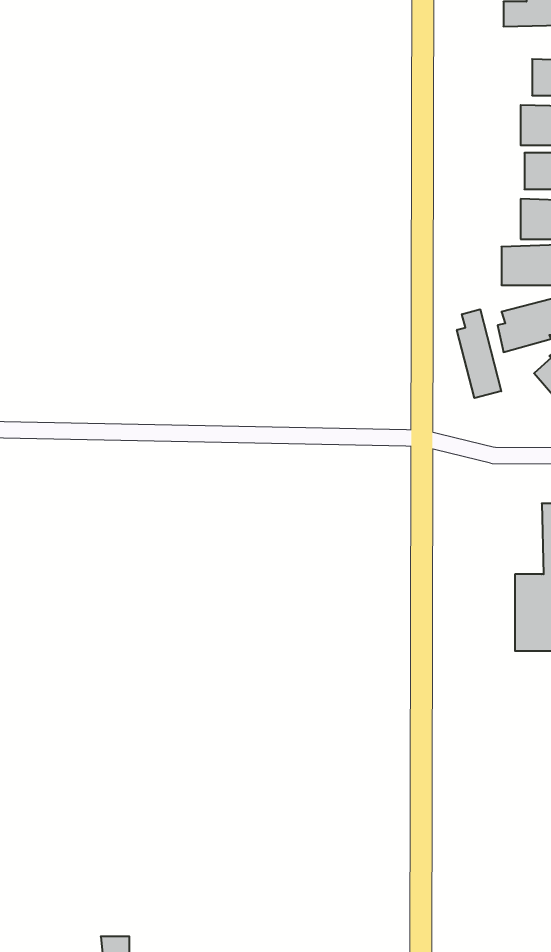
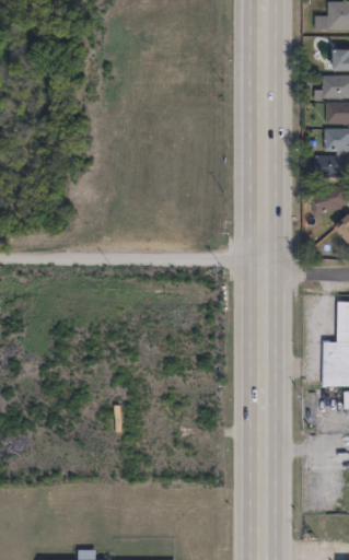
building: [457,309,501,398] -> none

